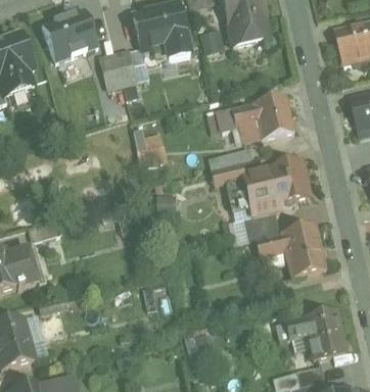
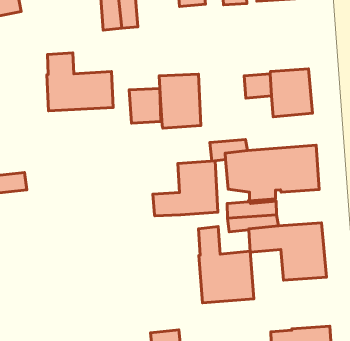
building: none -> [47,53,113,111]
building: none -> [159,74,201,128]
building: none -> [153,161,218,216]
building: none -> [198,227,254,303]

